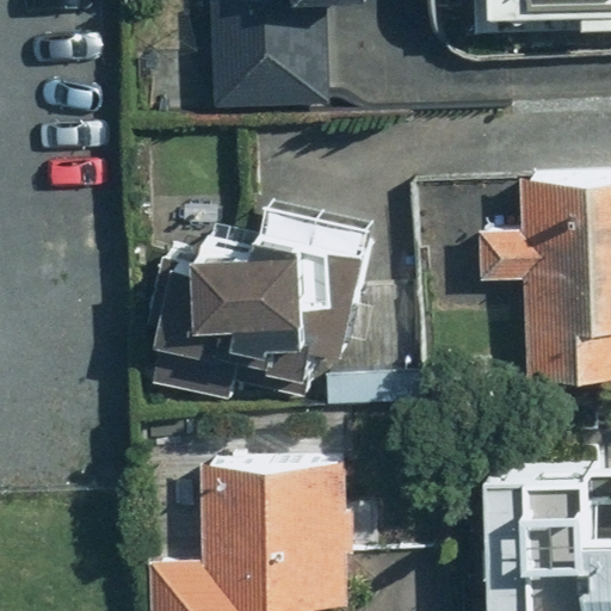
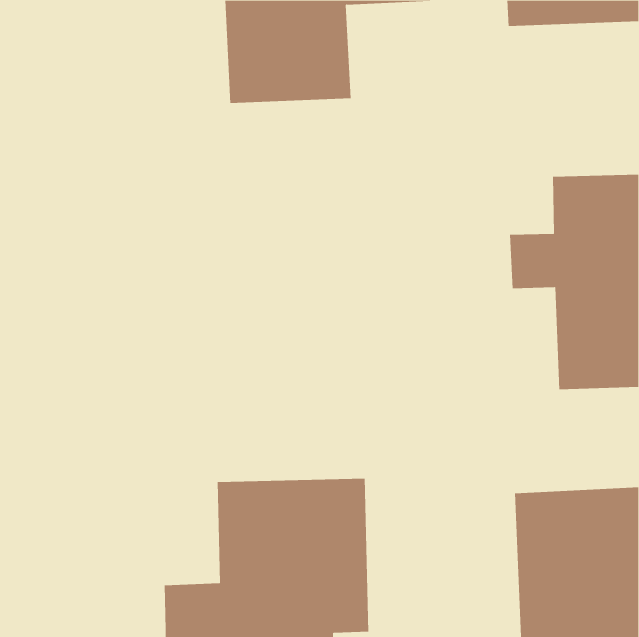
building: [143,243,357,401] -> none

